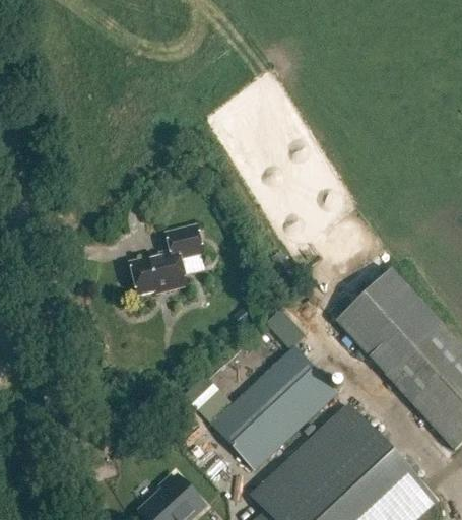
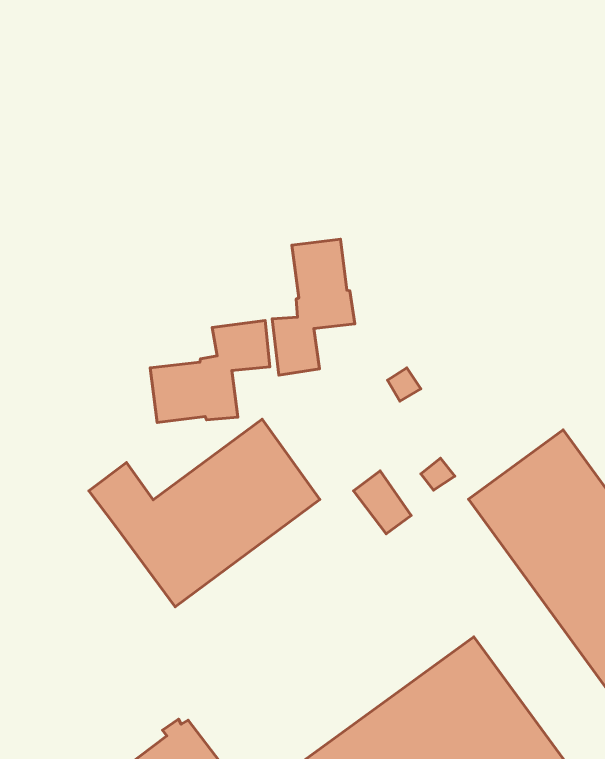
building: none -> [272,239,355,375]
building: [192,346,336,469] -> [89,419,320,607]

